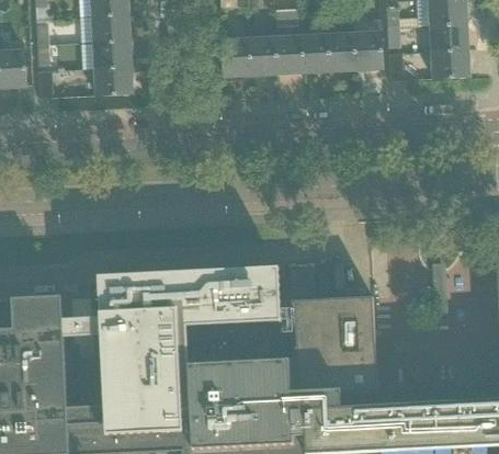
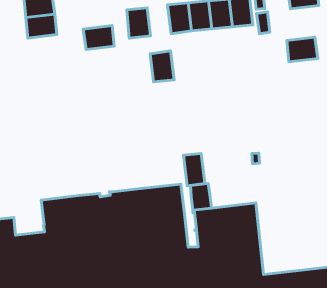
building: [248,36,276,75] -> [150,51,174,82]
building: [431,48,469,78] -> [287,37,318,62]
building: [93,66,132,94] -> [83,26,114,49]
building: none -> [184,153,205,186]

